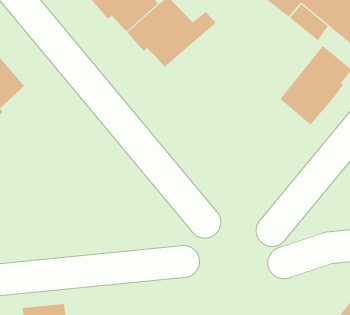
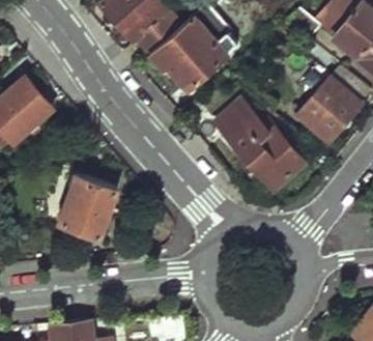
building: none -> [220,104,307,192]
building: none -> [61,174,117,236]

